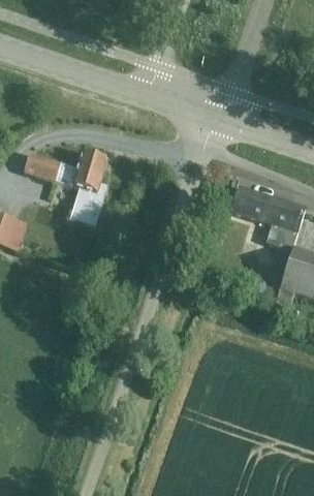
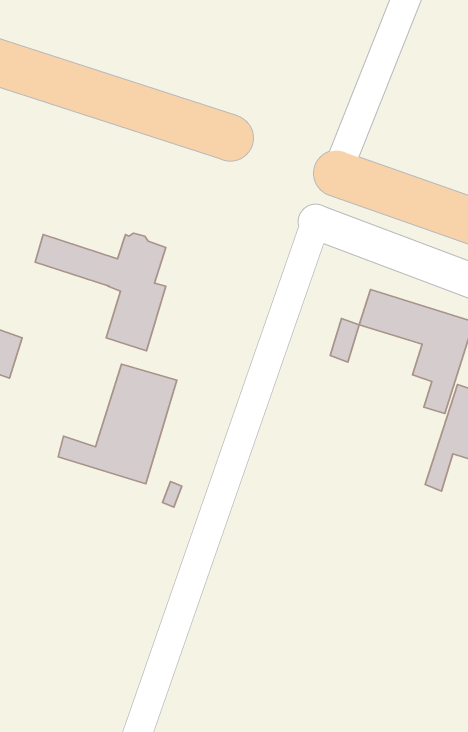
building: none -> [58,364,177,484]

